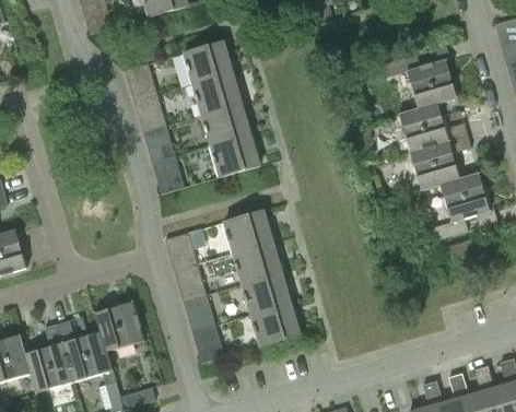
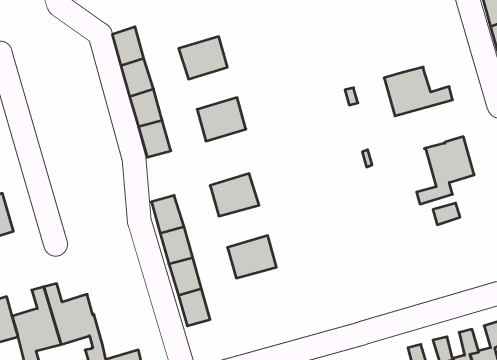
building: [184,42,233,84] -> none
building: [384,55,457,108] -> none
building: [202,103,251,145] -> none
building: [410,136,471,191] -> none
building: [233,242,282,284] -> none
building: [95,302,145,352] -> none
building: [250,304,300,346] -> none

